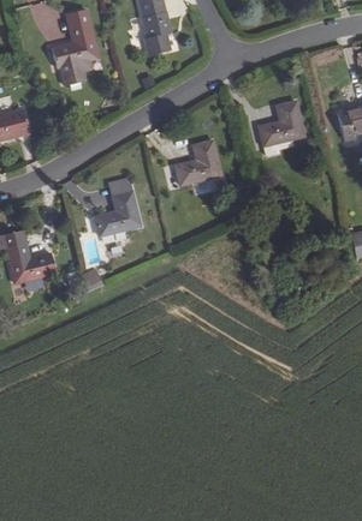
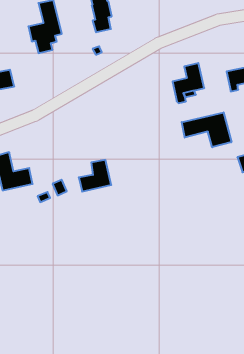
building: [173,138,220,185] -> none
building: none -> [182,112,231,147]
building: [93,190,140,235] -> [79,160,111,192]

